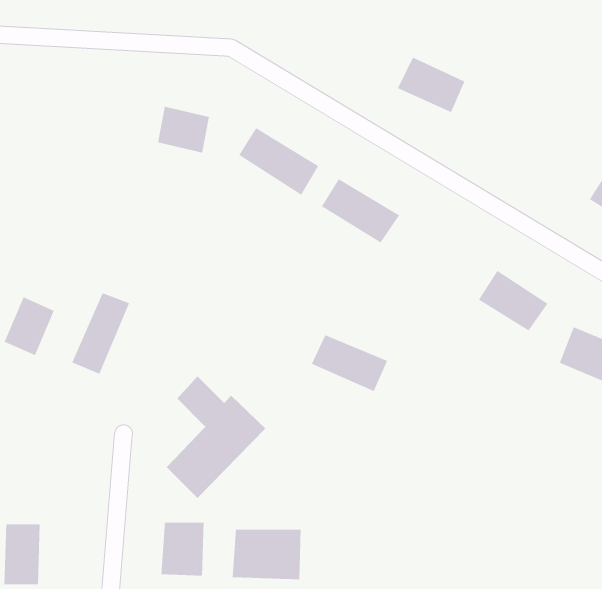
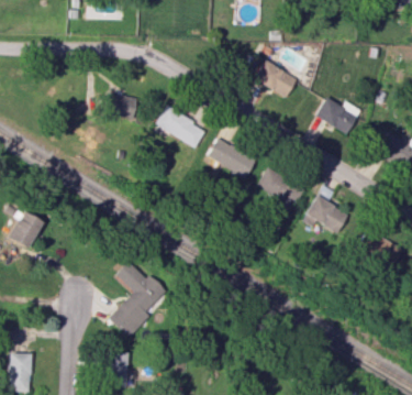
building: none -> [315,96,361,133]
building: [71,292,130,375] -> none
building: [311,334,388,392] -> [256,168,304,205]
building: [232,529,301,580] -> none

